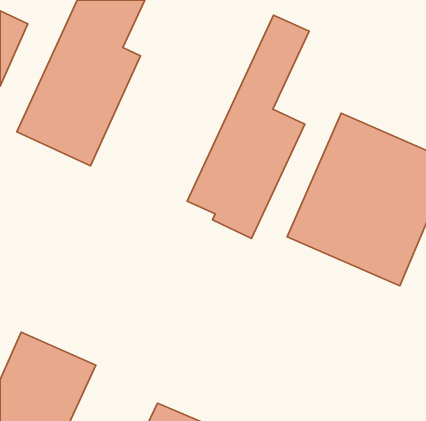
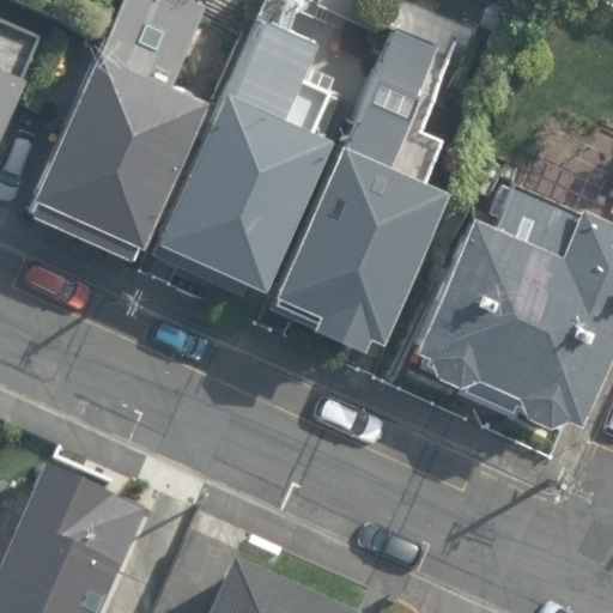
building: none -> [157,31,358,291]

